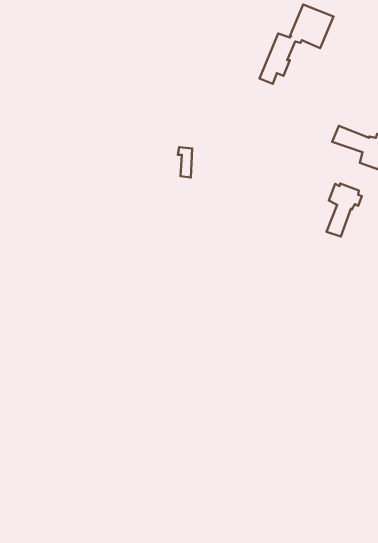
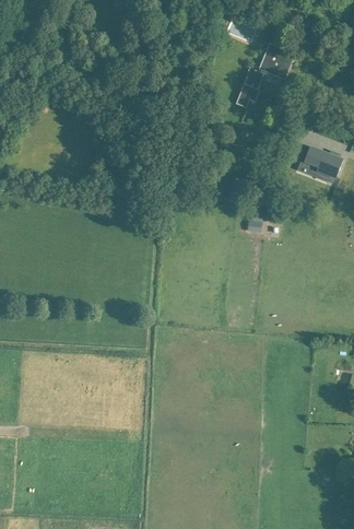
building: [326,183,362,237] -> none

